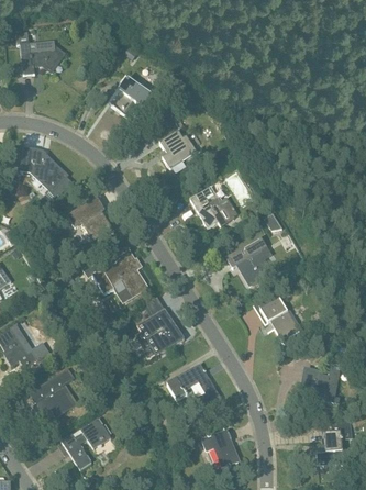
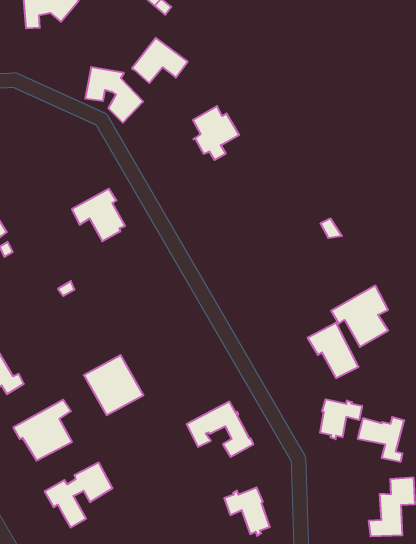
building: [20,147,66,190] -> [85,67,143,123]
building: [189,185,236,226] -> none
building: [226,235,273,285] -> [331,286,388,347]
building: [101,252,147,294] -> none
building: [136,307,185,355] -> [84,355,144,415]
building: none -> [320,399,362,439]

